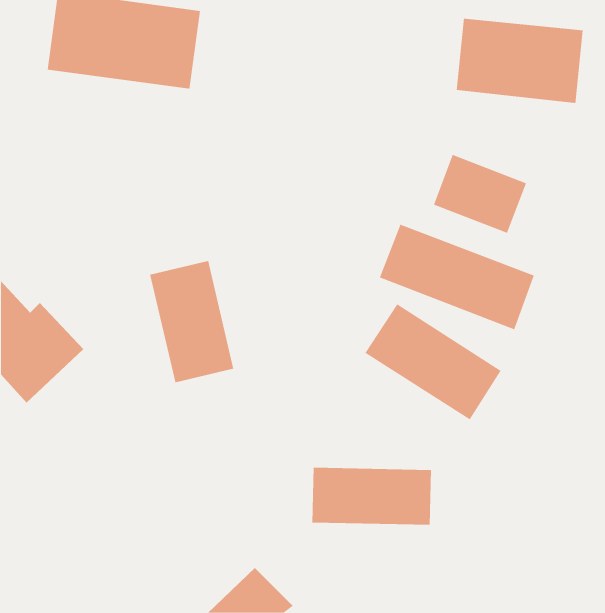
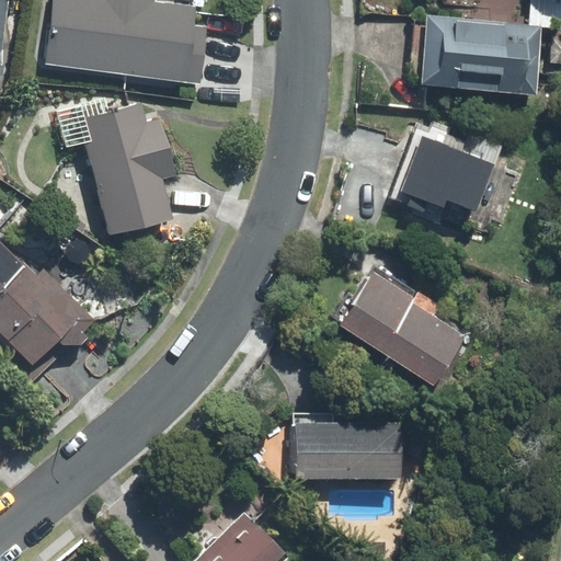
building: none -> [81,110,168,234]
building: [379,224,535,330] -> none
building: [149,260,234,383] -> none

